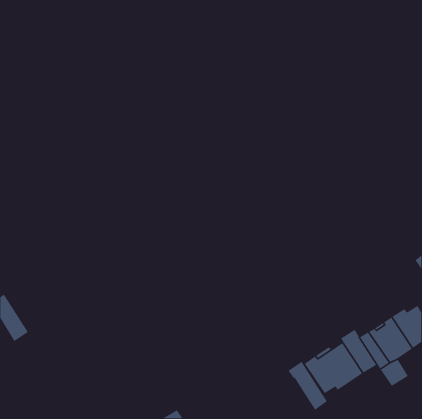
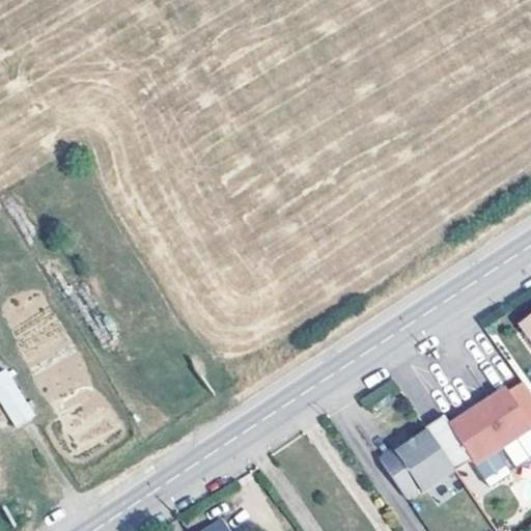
building: [288,361,328,411] -> none

